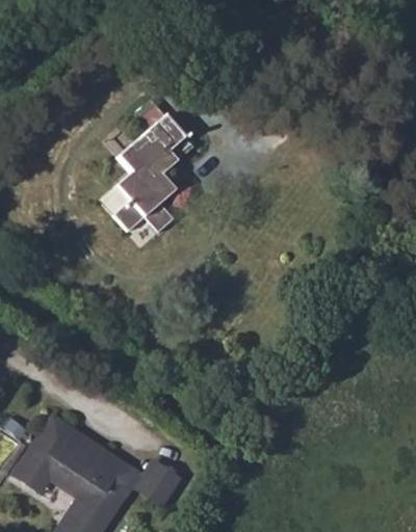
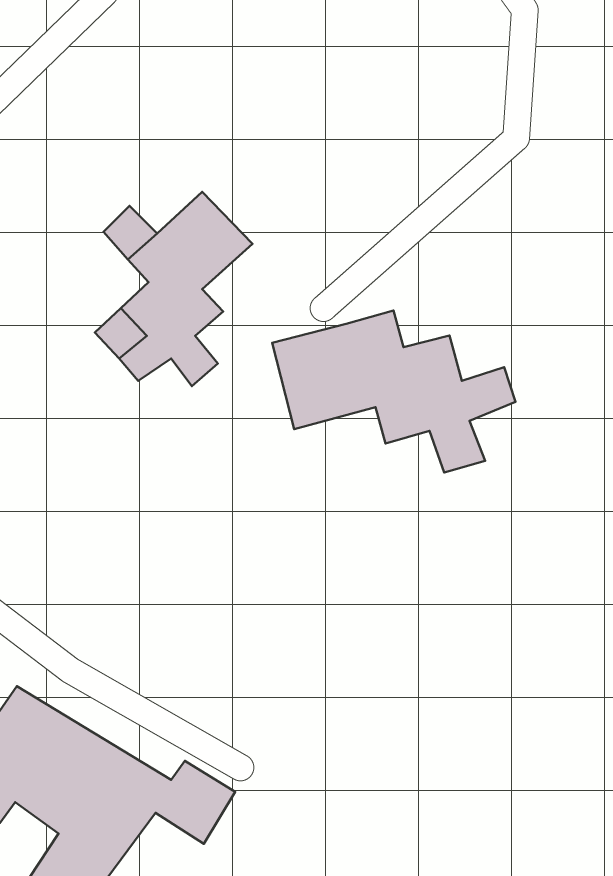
building: none -> [272,311,515,473]

